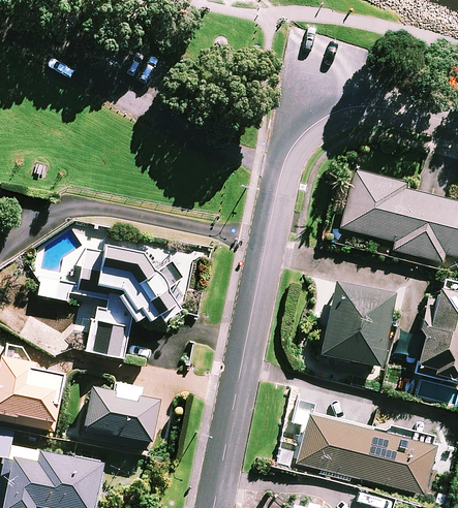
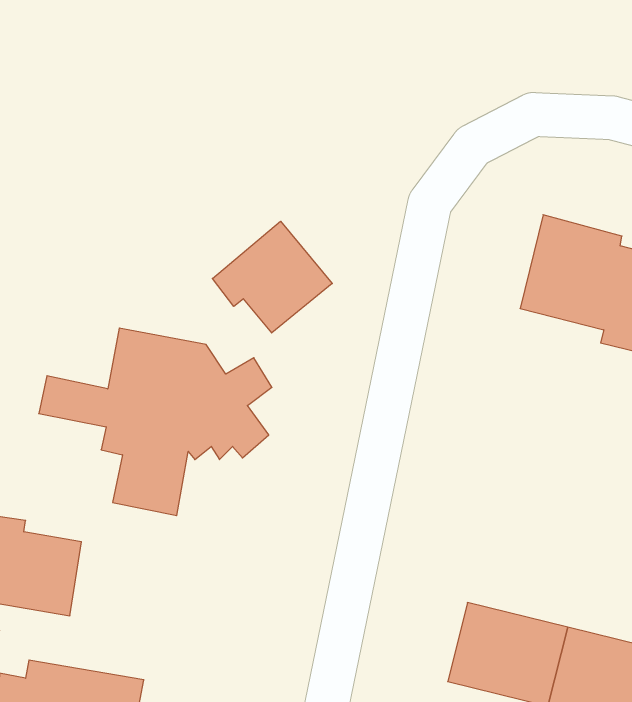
building: none -> [212,221,332,333]
building: [319,281,395,367] -> none
building: [87,385,161,441] -> none

